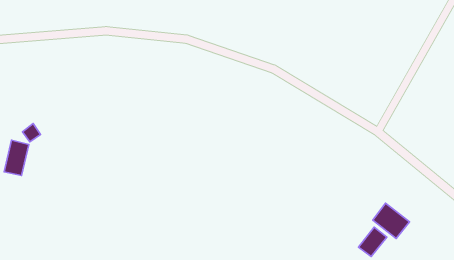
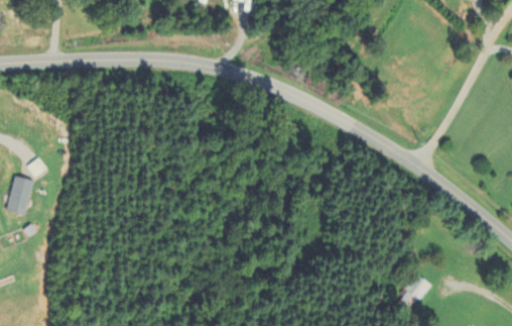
building: [373,203,410,238] -> none

